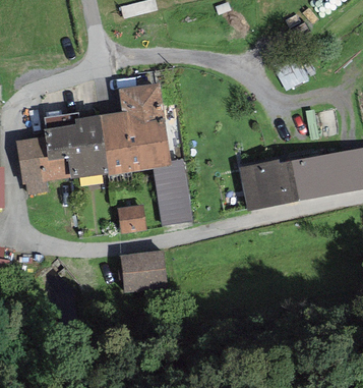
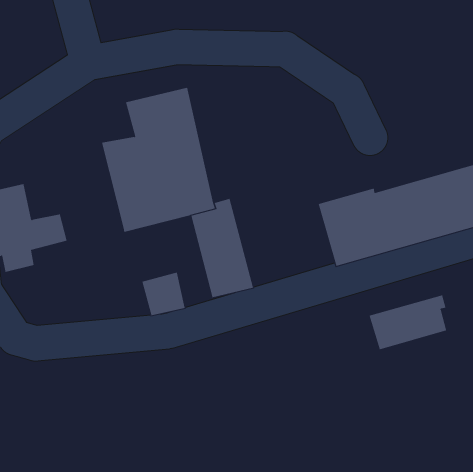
building: [43,112,108,179] -> none
building: none -> [369,294,447,350]
building: [119,250,167,292] -> none

